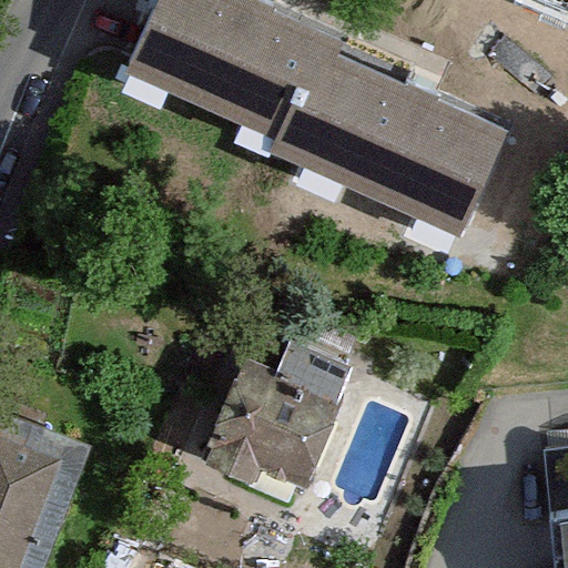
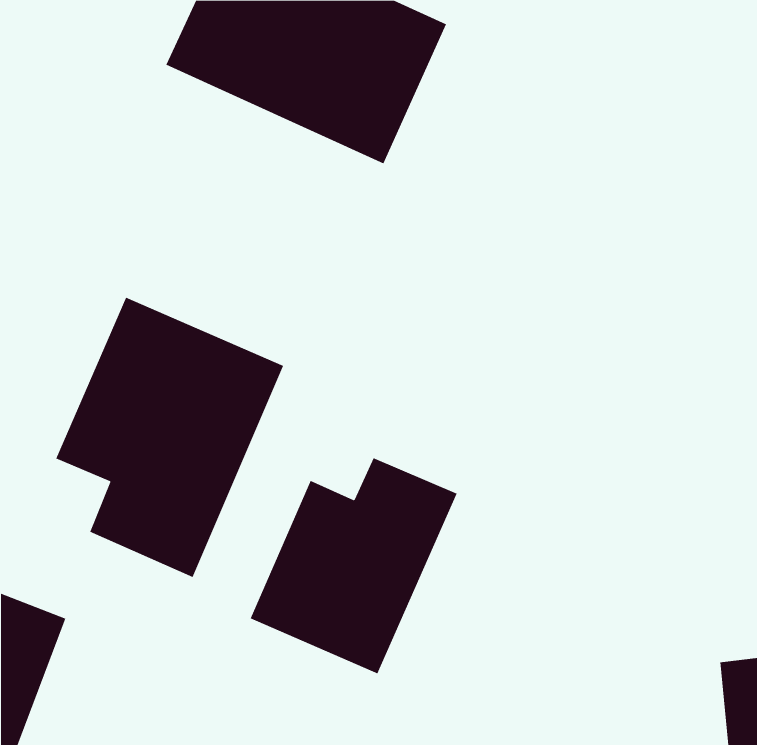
building: [292,36,504,213] -> none
building: none -> [55,297,284,578]

